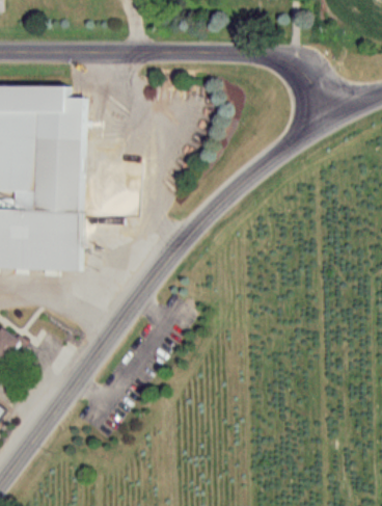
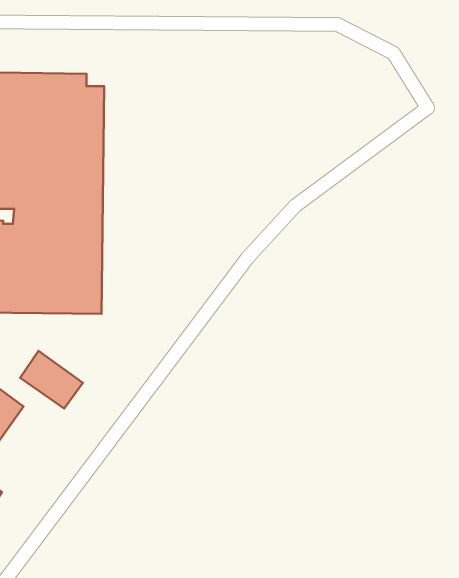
building: none -> [20,351,83,409]

